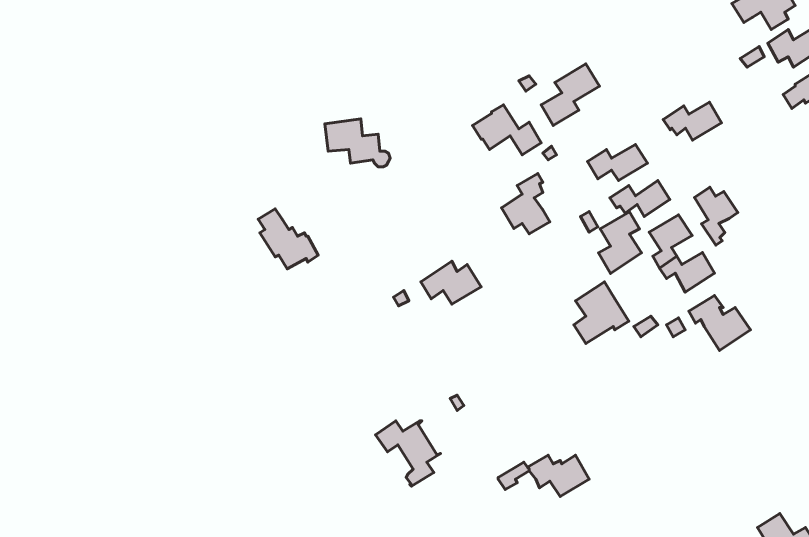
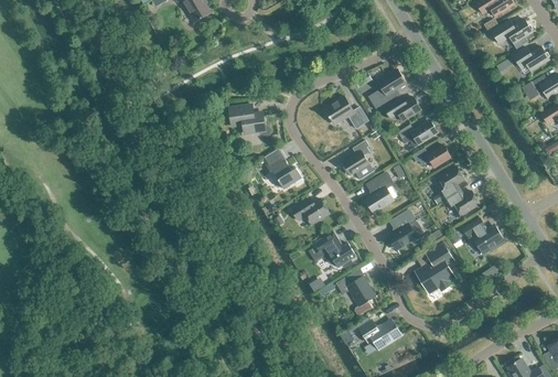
building: [663,102,722,140] -> [384,97,421,121]
building: [694,187,738,245] -> none
building: [258,209,318,269] -> [265,150,303,188]
building: [598,212,641,274] -> [366,173,394,213]
building: none -> [309,230,356,269]
building: none -> [416,245,454,292]
building: [375,421,441,486] -> [335,274,377,316]

